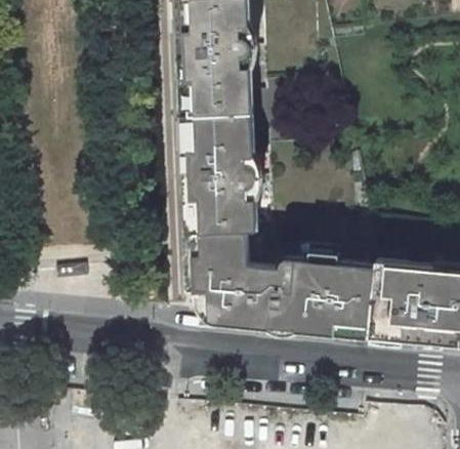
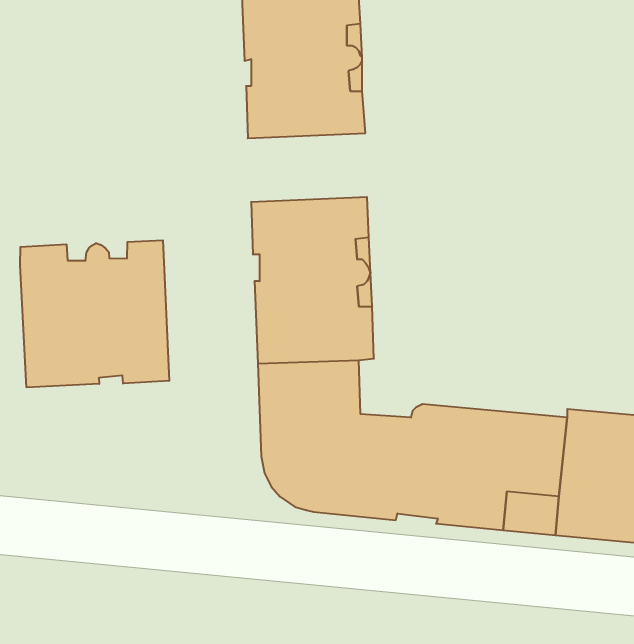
building: [181,92,254,134] -> none
building: none -> [20,240,169,387]

